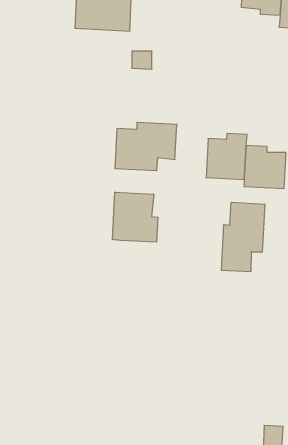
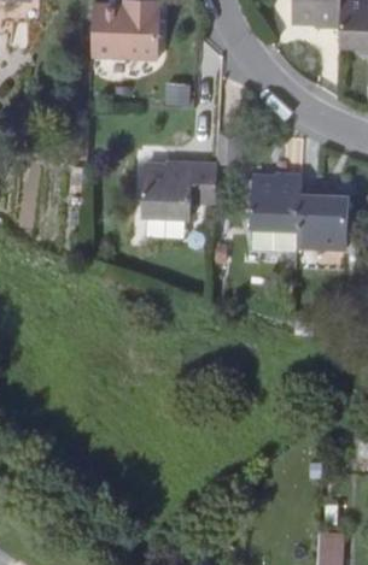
building: [112,192,158,242] -> none
building: [221,202,265,272] -> none

